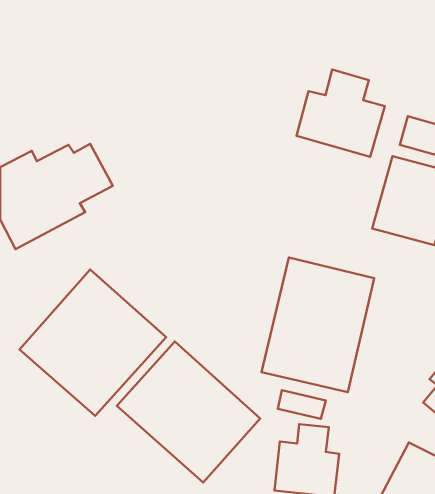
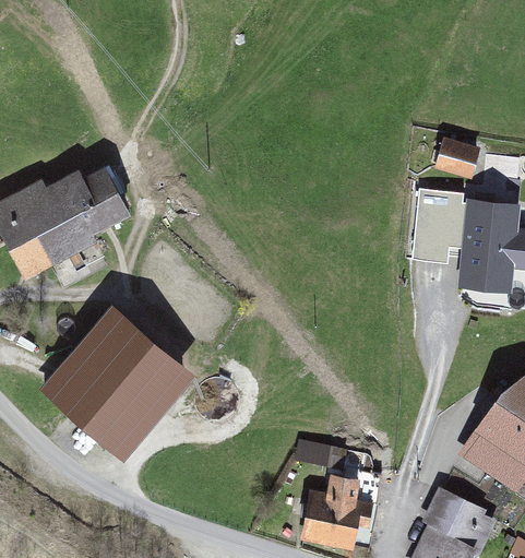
building: [297,70,385,157] -> none
building: [262,258,374,392] -> none
building: [117,342,260,483] -> none

